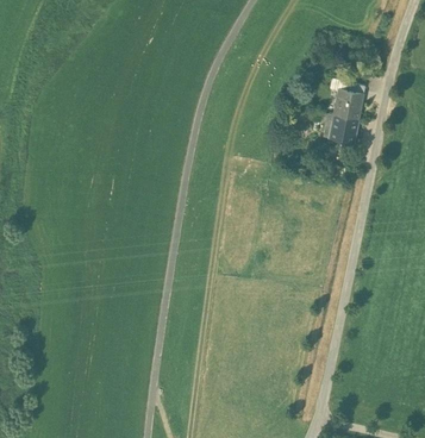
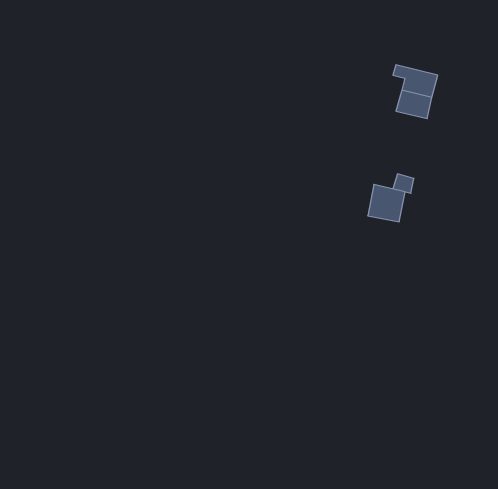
building: [327,117,357,146] -> [368,184,405,222]

